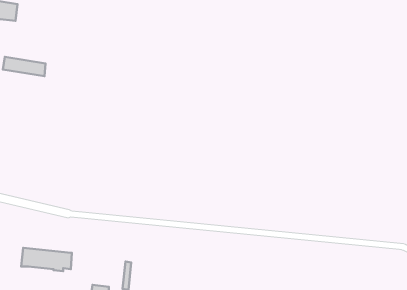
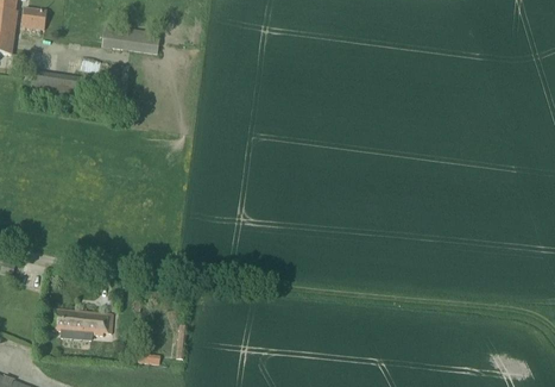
building: none -> [101,24,159,52]

